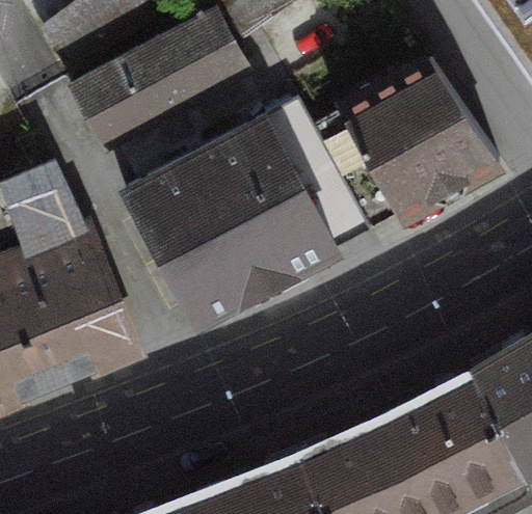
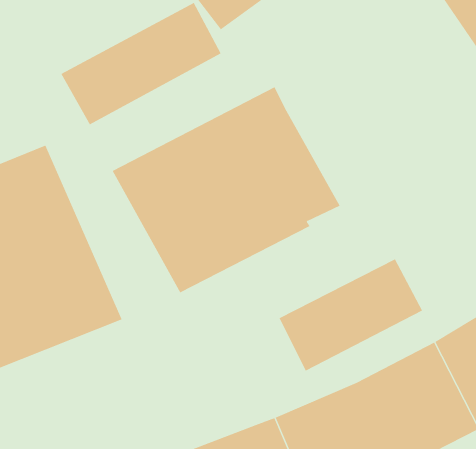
building: [313,59,500,229] -> none
building: none -> [279,258,423,372]

